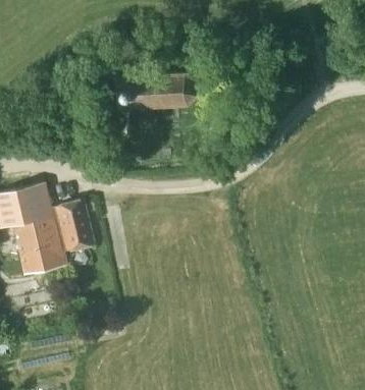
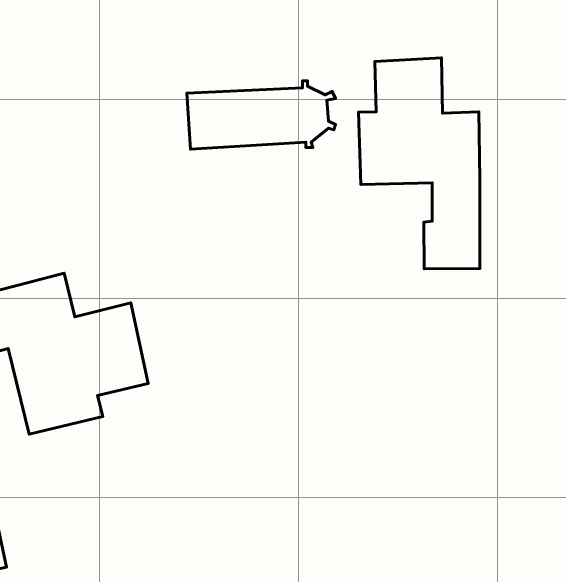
building: none -> [359,58,480,269]

